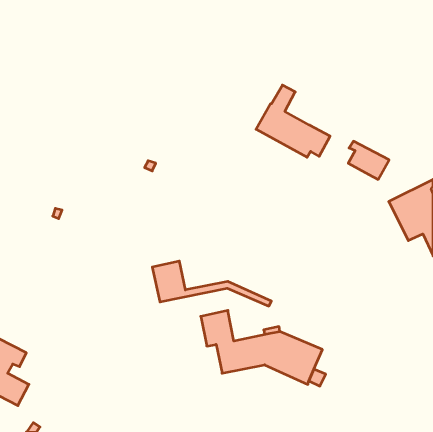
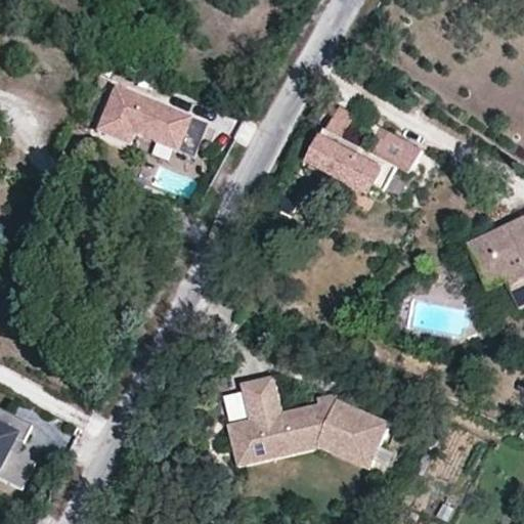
building: none -> [95,86,207,157]
building: [348,141,389,179] -> [373,124,422,170]
building: [152,261,271,306] -> [227,414,370,469]

